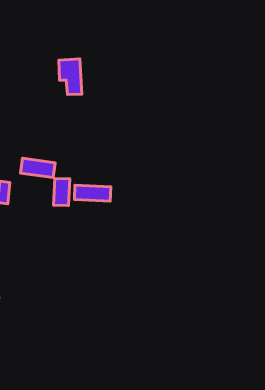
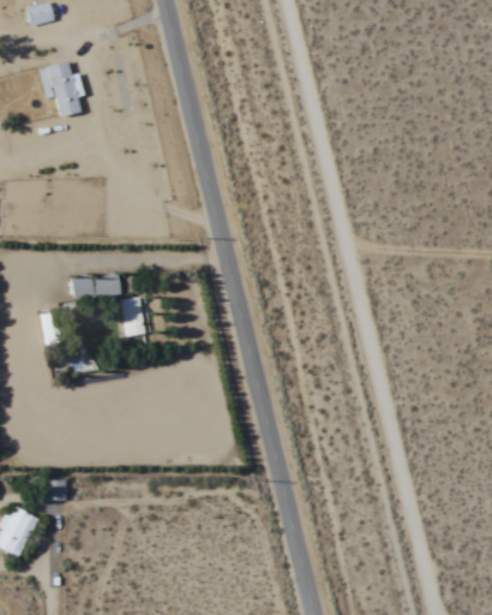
building: [59,59,82,95] -> [41,61,80,115]
building: [74,185,111,201] -> none

